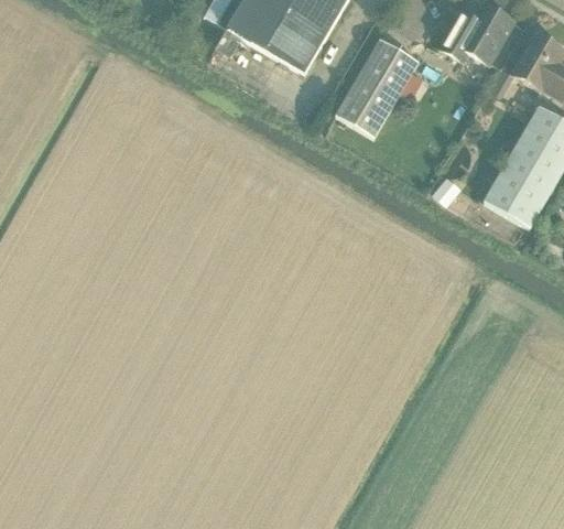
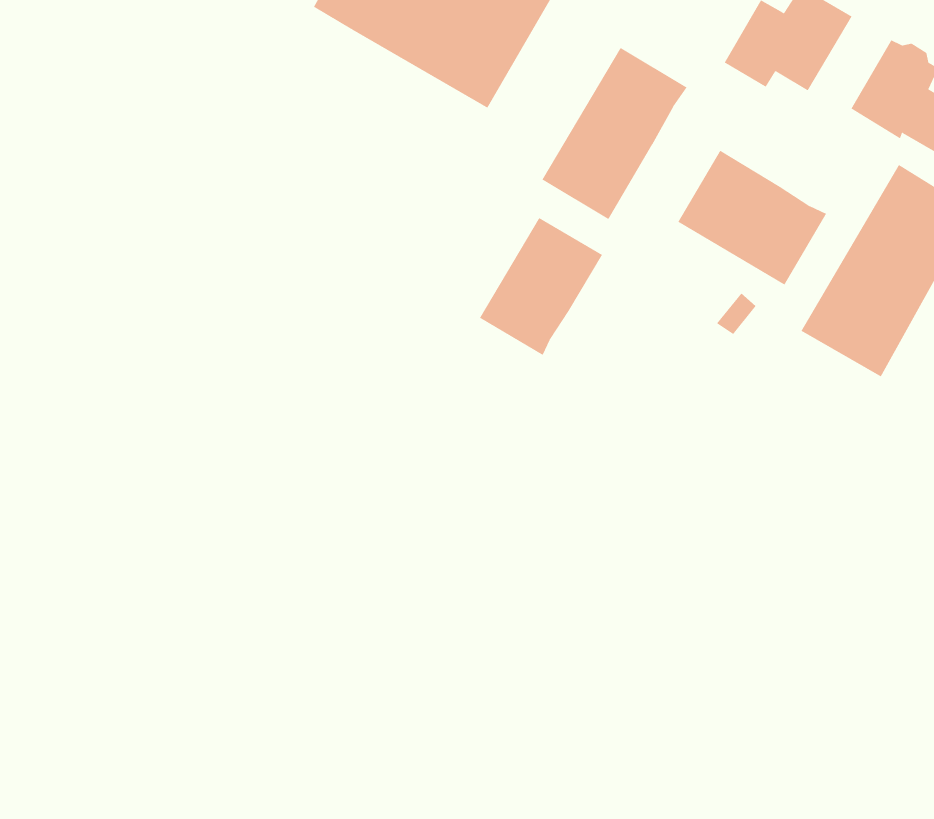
building: none -> [678,150,827,285]
building: none -> [479,217,603,356]

